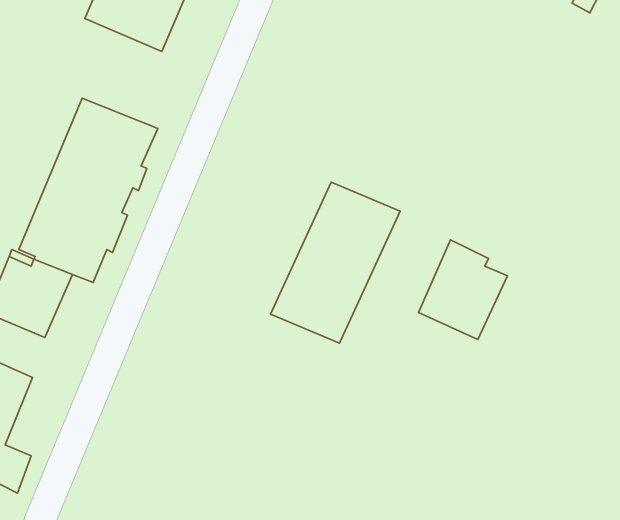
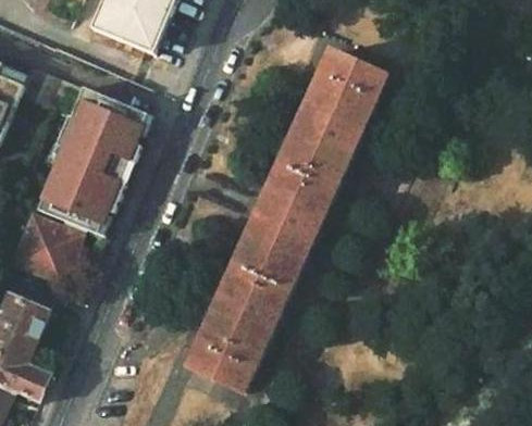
building: none -> [284,50,386,178]
building: [418,240,507,340] -> none
building: none -> [188,260,290,388]

